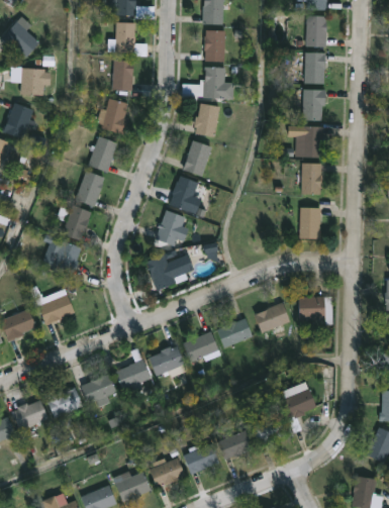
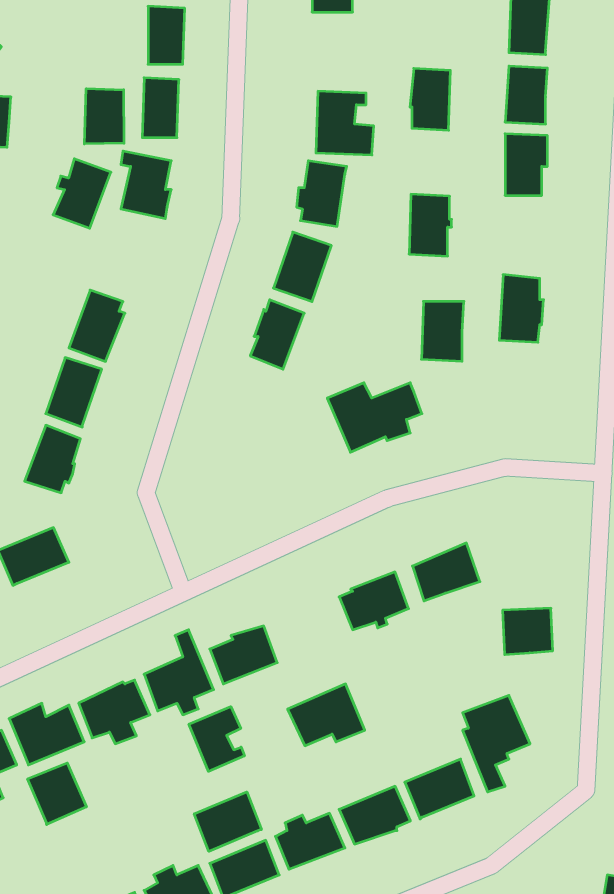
building: [204,29,225,62] -> [410,68,450,130]
building: none -> [84,89,124,144]
building: [302,125,324,158] -> [409,194,452,256]
building: [88,135,118,172] -> [53,159,111,228]
building: [299,207,321,238] -> [421,301,464,361]
building: [156,209,185,245] -> none
building: [144,253,194,290] -> [327,383,422,452]
building: [299,296,325,320] -> [503,608,553,655]
building: [181,331,221,364] -> [288,684,365,746]
building: none -> [189,707,244,771]
building: none -> [28,763,86,825]
building: none -> [194,792,261,851]

